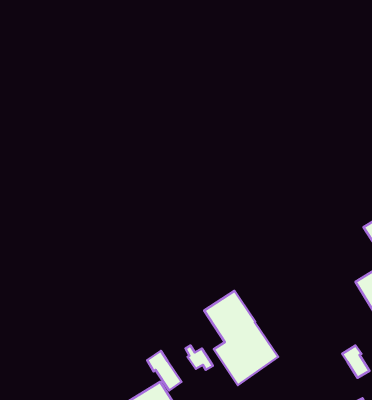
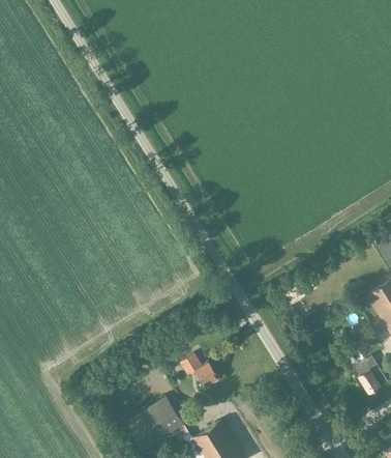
building: [204,291,278,385] -> none
building: [147,351,181,390] -> none

